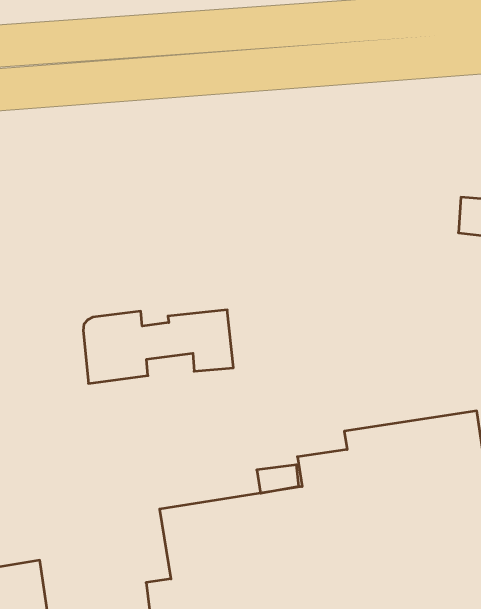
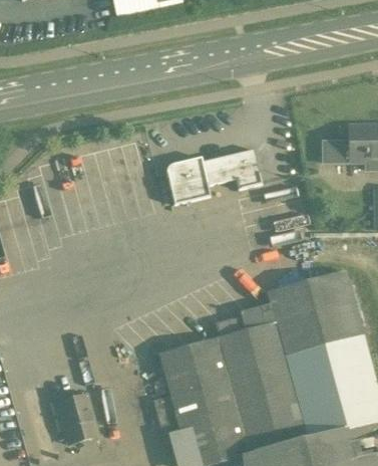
building: [83,310,233,383] -> [166,150,262,205]

